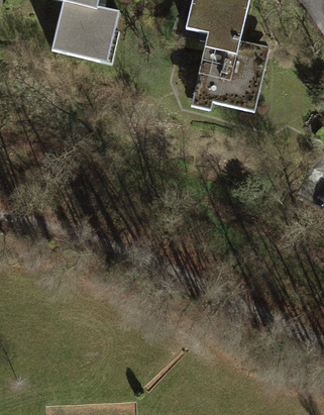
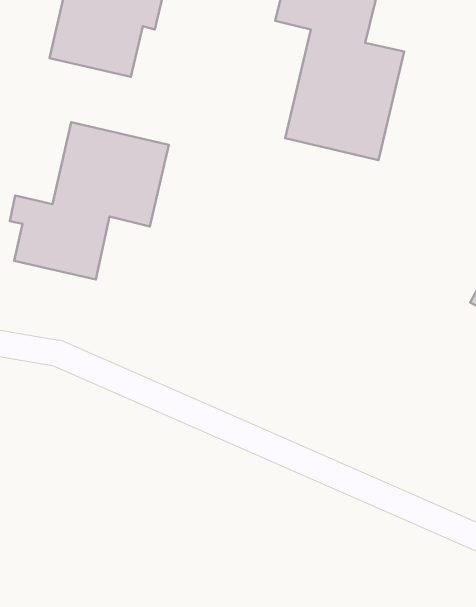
building: none -> [10,122,169,279]

